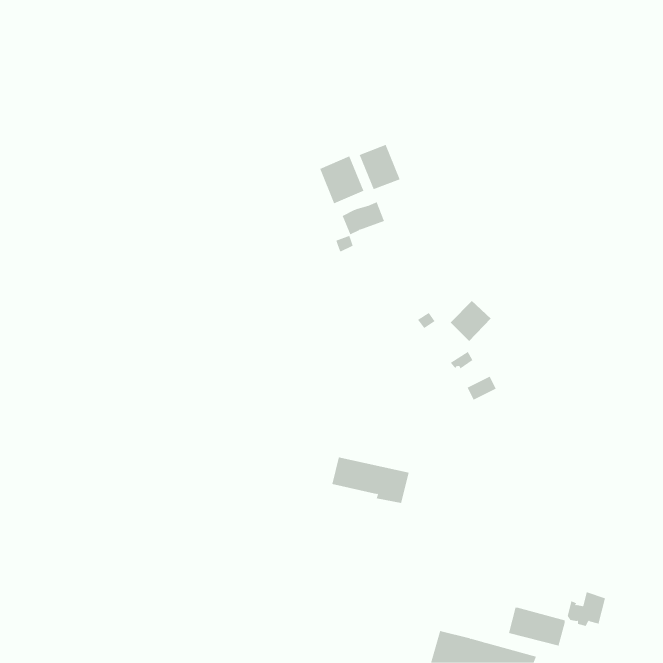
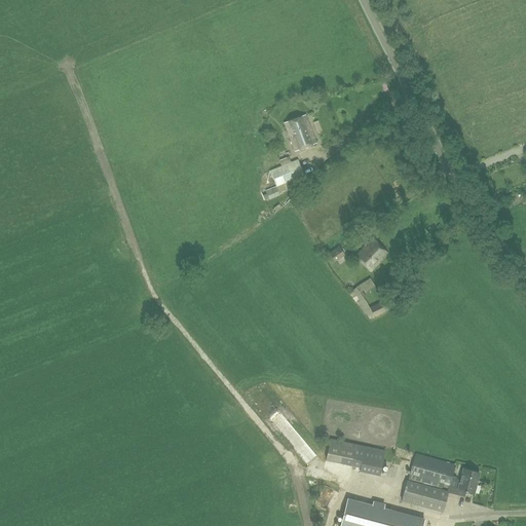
building: [319,156,364,204] -> none
building: [332,457,410,504] -> [326,438,387,475]
building: none -> [411,453,455,487]

